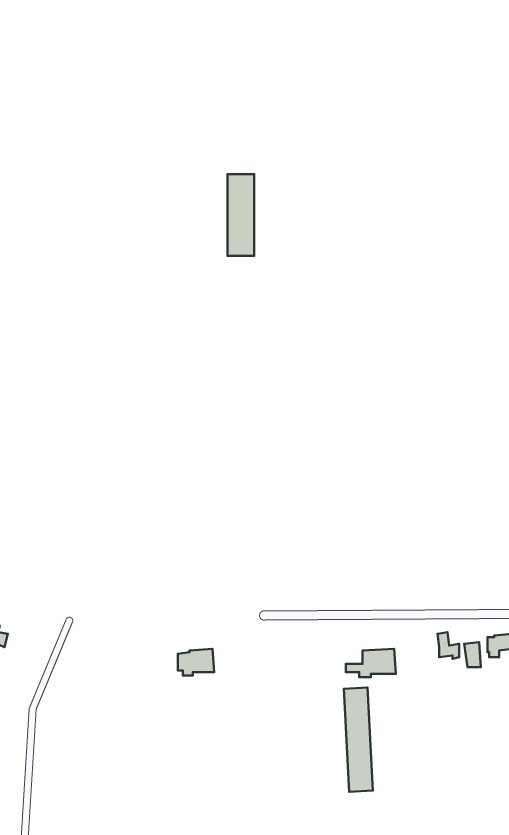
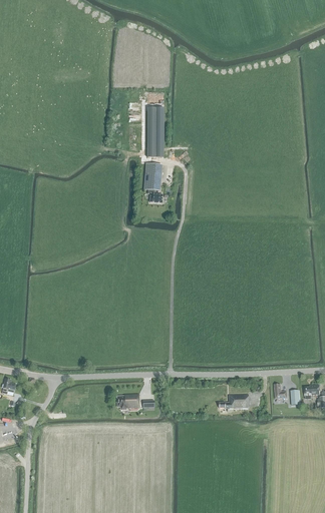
building: none -> [144,163,162,202]
building: [344,688,373,792] -> none

